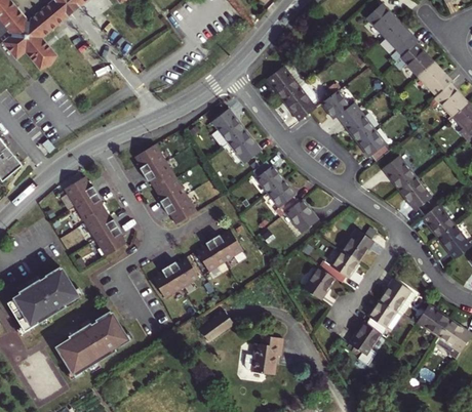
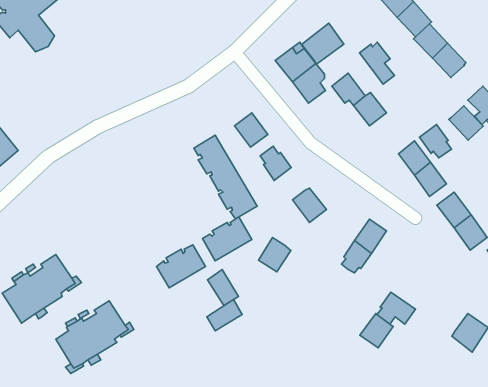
building: none -> [301,23,344,64]
building: none -> [360,42,394,84]
building: [433,85,466,118] -> [449,106,483,140]
building: [213,111,244,142] -> none
building: [357,130,388,162] -> [419,124,452,158]
building: [137,143,198,223] -> [194,135,257,219]
building: [66,174,127,255] -> none
building: [266,182,296,216] -> none
building: [306,267,337,300] -> [259,237,291,272]
building: none -> [208,269,239,306]
building: [378,281,416,318] -> none
building: [418,306,451,338] -> none
building: [247,333,284,372] -> none

